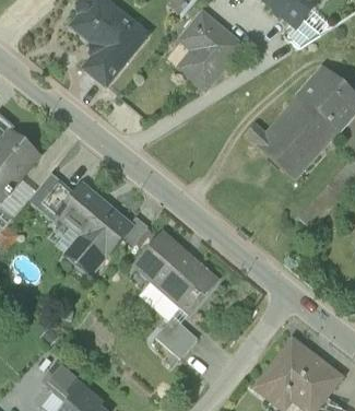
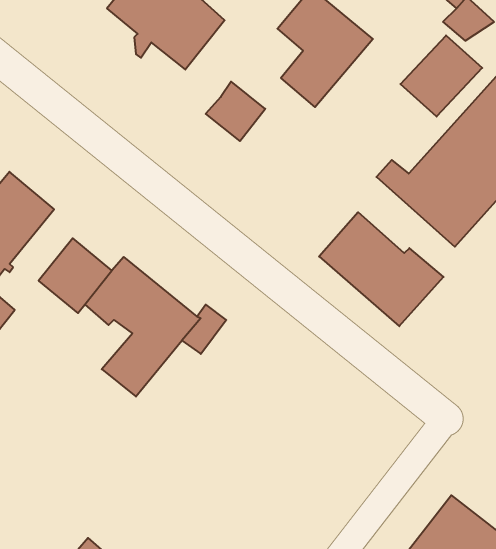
building: none -> [400,35,482,117]
building: [83,47,121,85] -> [206,82,265,141]
building: [134,236,214,309] -> [319,212,444,326]
building: [155,316,197,357] -> none

